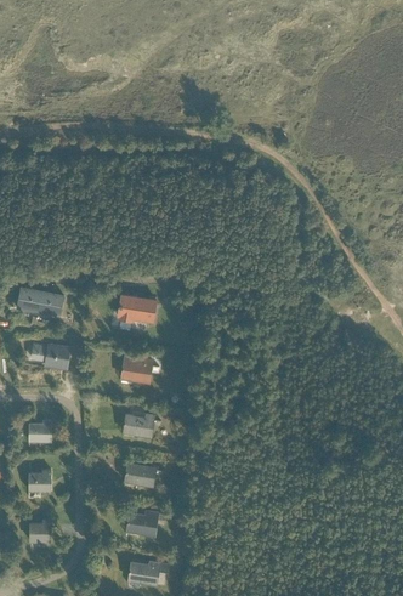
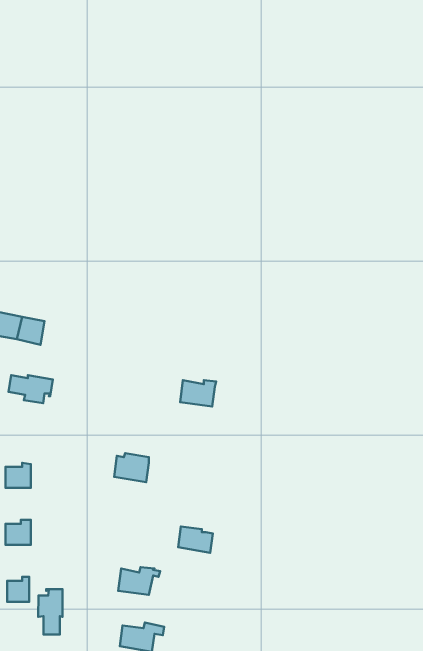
building: [118,295,155,322] -> none
building: [120,359,152,382] -> [180,380,216,406]
building: [124,464,154,487] -> [178,526,213,553]
building: none -> [38,589,62,635]

